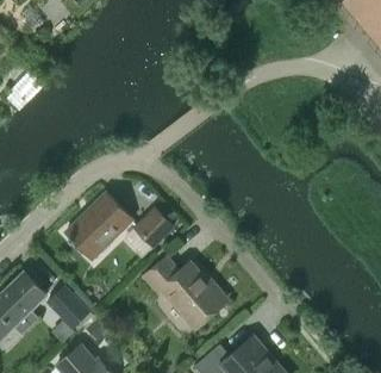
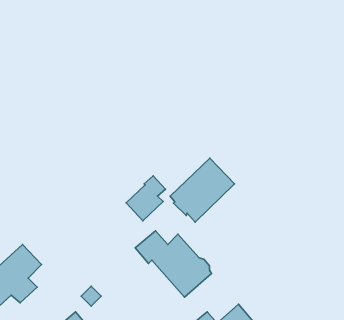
building: [64,192,132,260] -> [170,158,234,222]
building: [46,285,89,329] -> none

